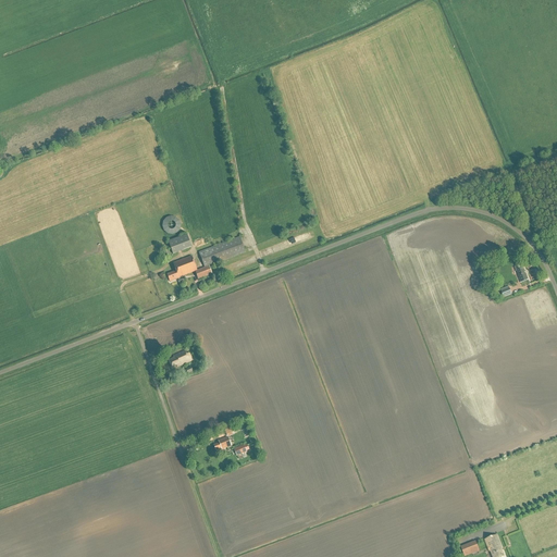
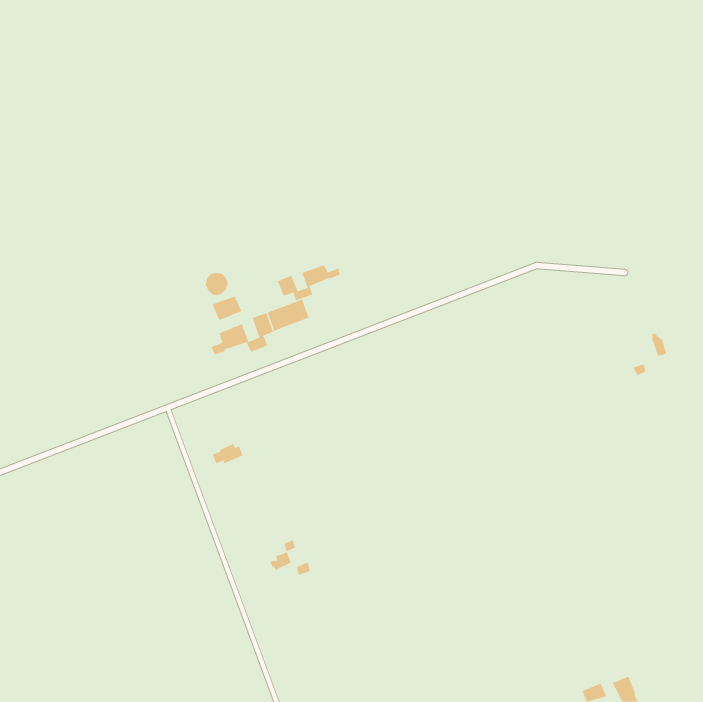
building: none -> [277,264,340,301]

